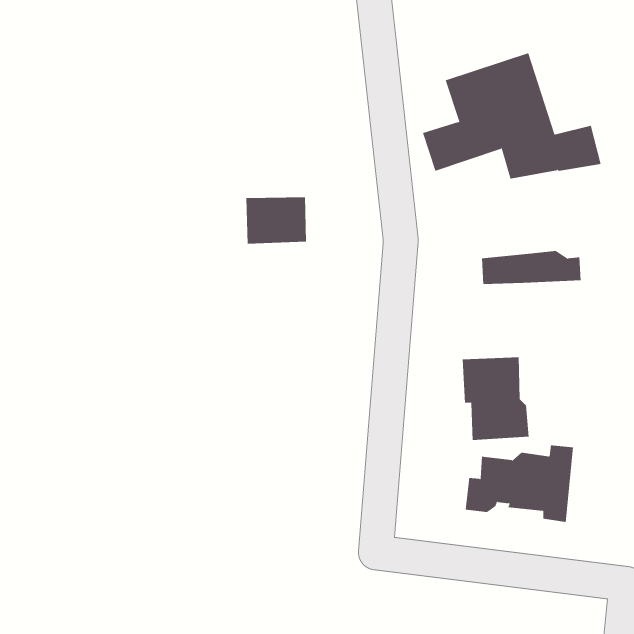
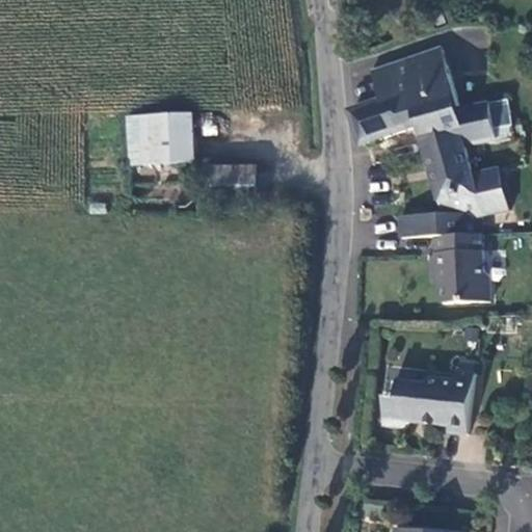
building: none -> [125,109,194,162]
building: none -> [423,141,506,214]
building: [462,357,529,441] -> [434,233,490,302]

